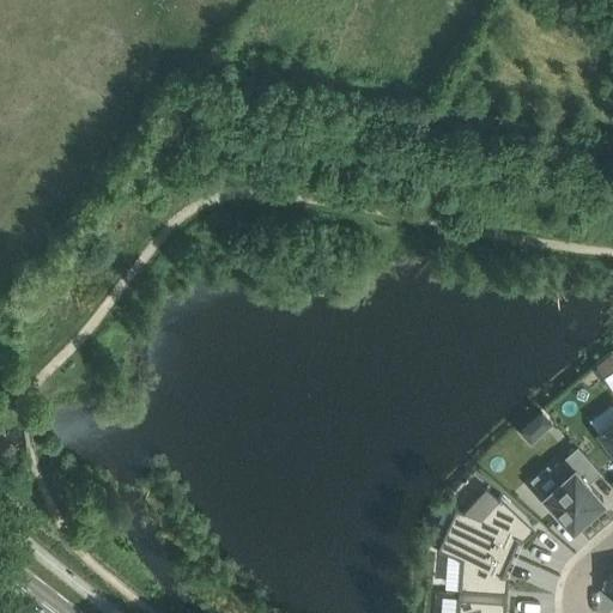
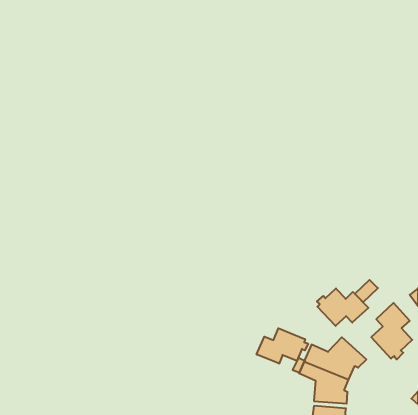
building: none -> [317,288,368,326]
building: none -> [257,328,308,364]

